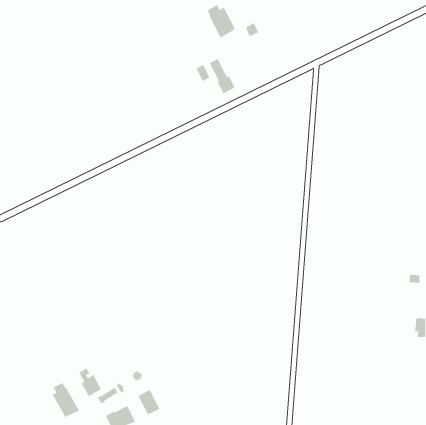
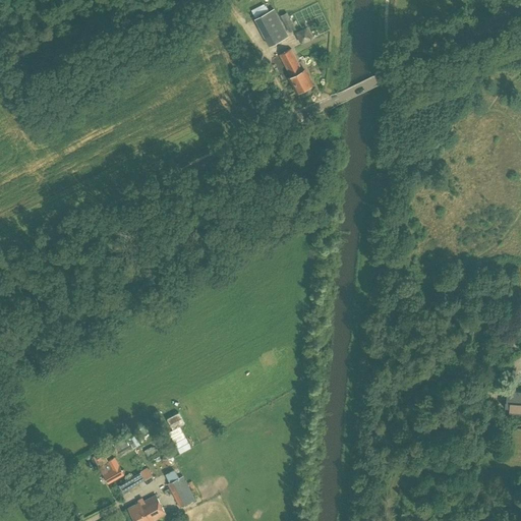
building: [209,58,236,94] -> [280,50,312,94]
building: [52,382,80,418] -> none

